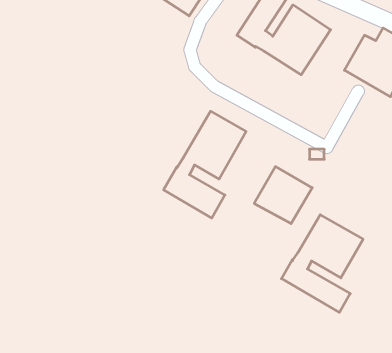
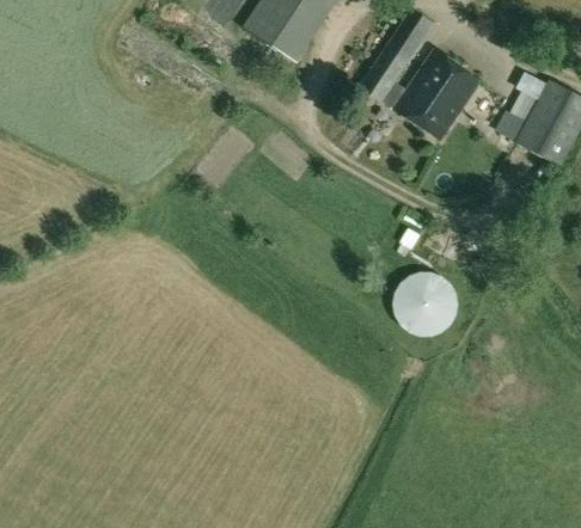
building: [164,111,246,218] -> none
building: [281,215,363,312] -> none

